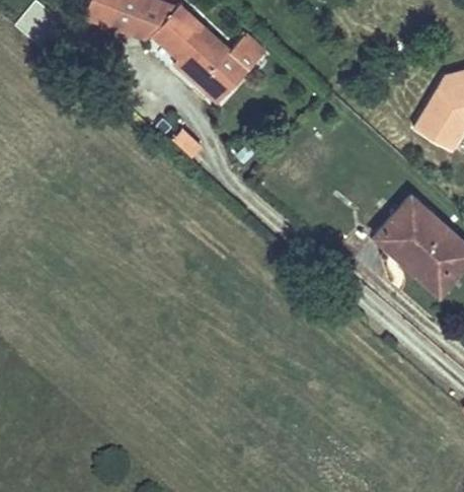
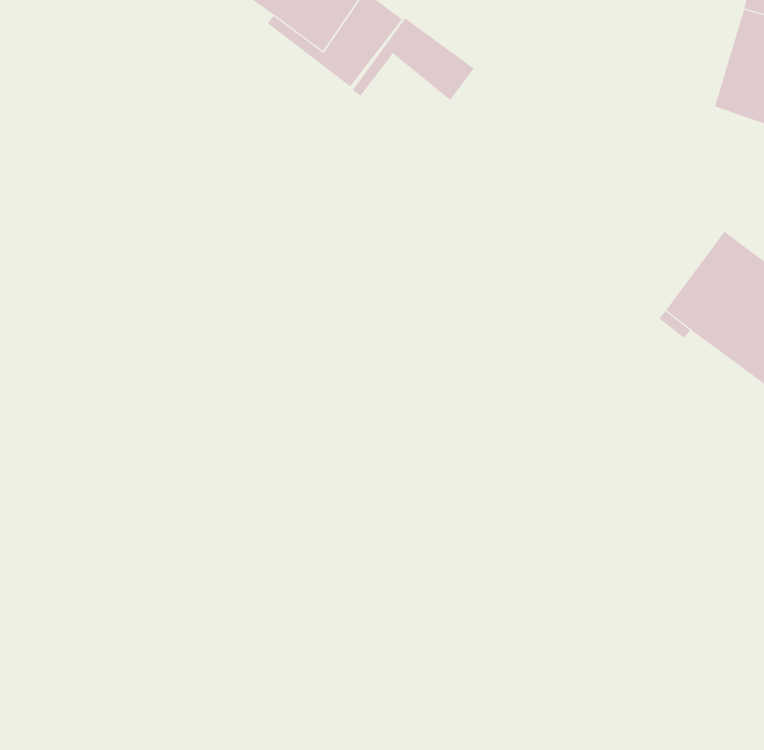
building: none -> [352,18,474,101]

